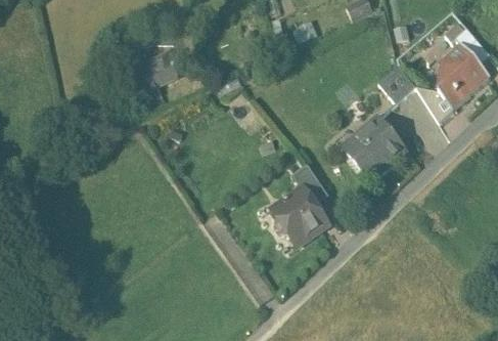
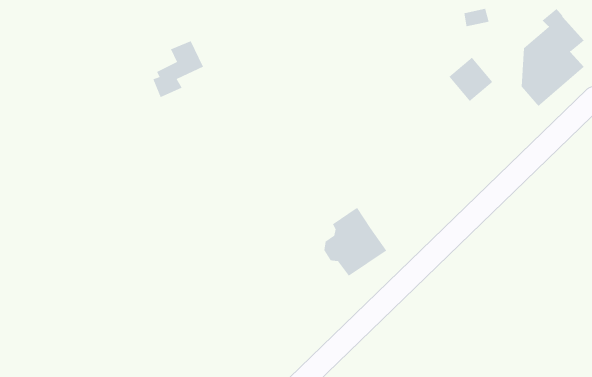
building: [346,117,405,180] -> none
building: [292,166,328,206] -> none

